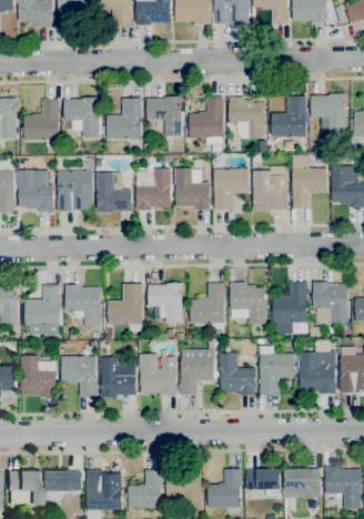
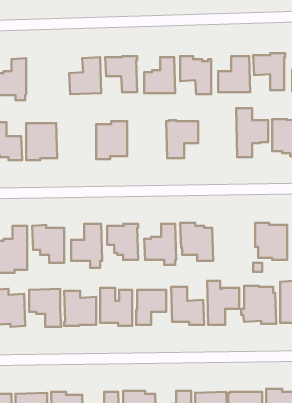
building: [64,96,99,136] -> none
building: [175,169,211,210] -> none
building: [253,170,289,211] -> none
building: [97,172,132,213] -> none
building: [273,282,307,334] -> none

